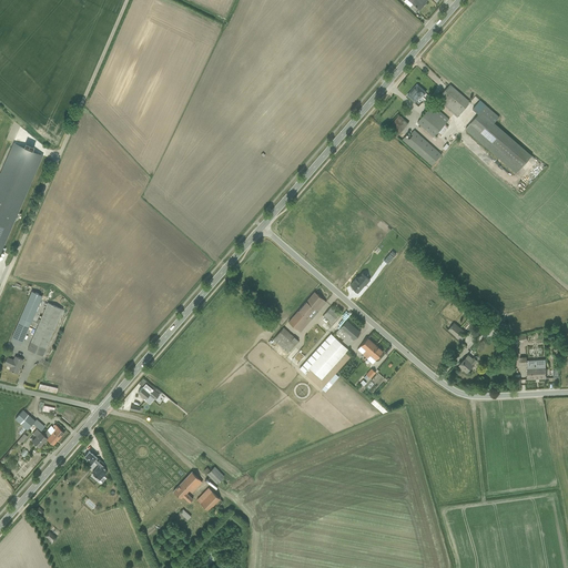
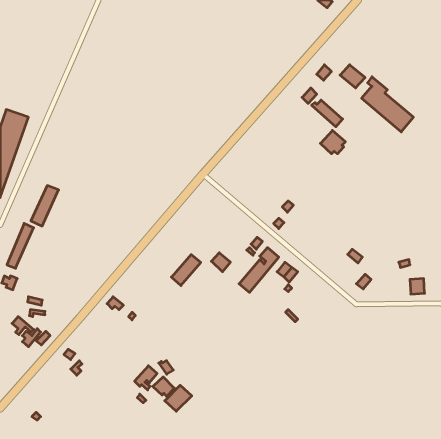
building: [417,105,449,135] -> [320,130,345,154]
building: [287,293,325,333] -> [171,255,201,286]
building: [28,304,63,356] -> [31,186,59,226]
building: none -> [165,385,192,411]

